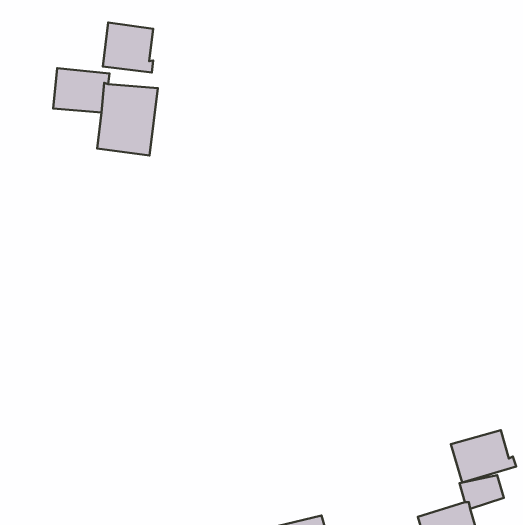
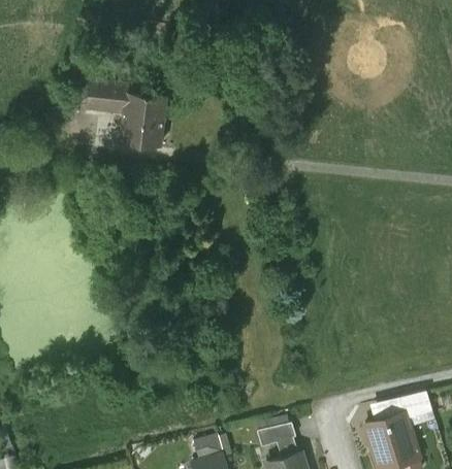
building: [103,23,153,72] -> none
building: [451,430,516,483] -> none

